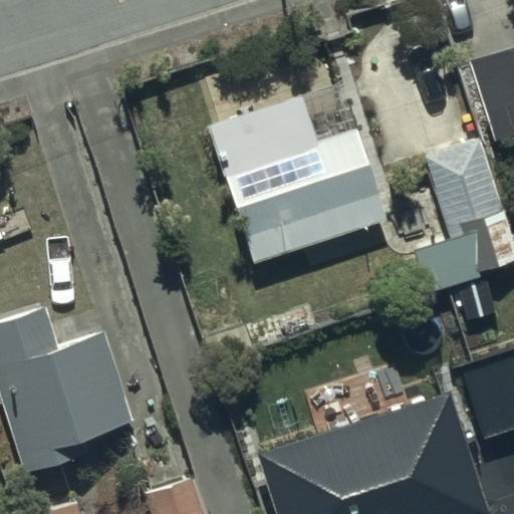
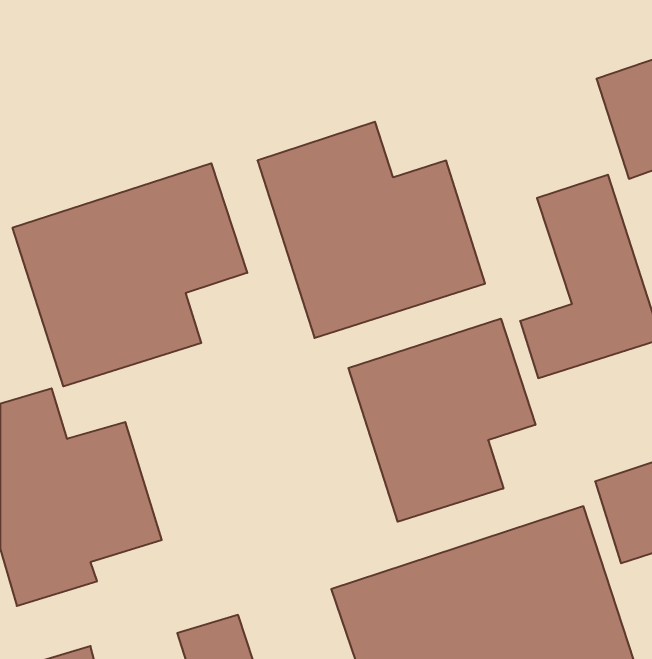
building: none -> [13,163,247,386]
building: none -> [348,319,535,522]

